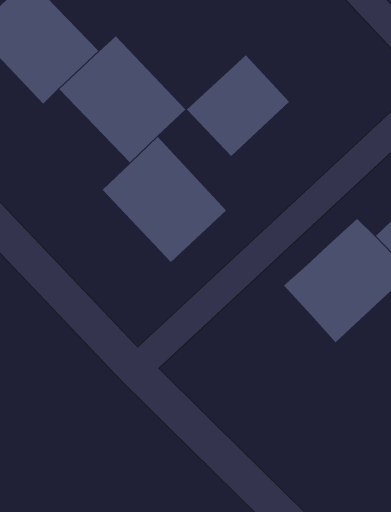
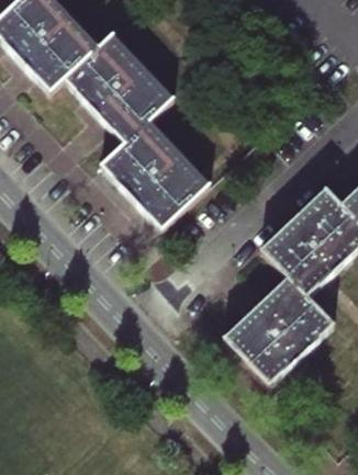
building: [186,55,290,157] -> none
building: none -> [224,276,331,384]

